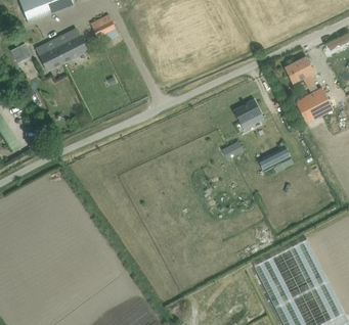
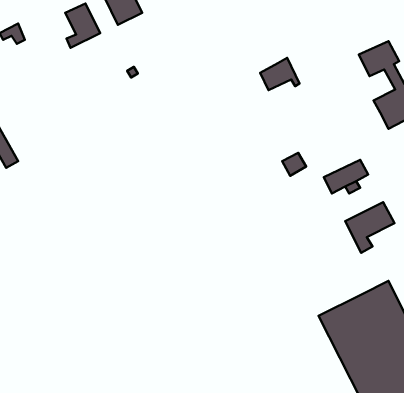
building: [36,36,69,72] -> none
building: [233,99,263,124] -> [260,58,299,90]
building: none -> [345,202,395,253]

